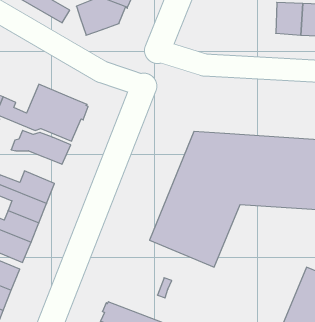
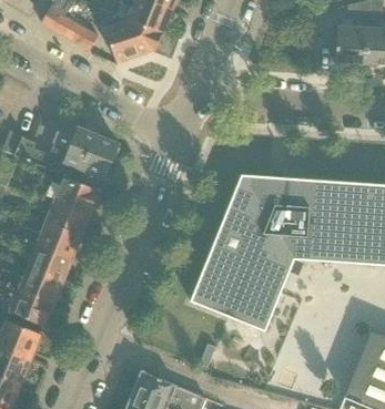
building: none -> [26,196,89,235]

